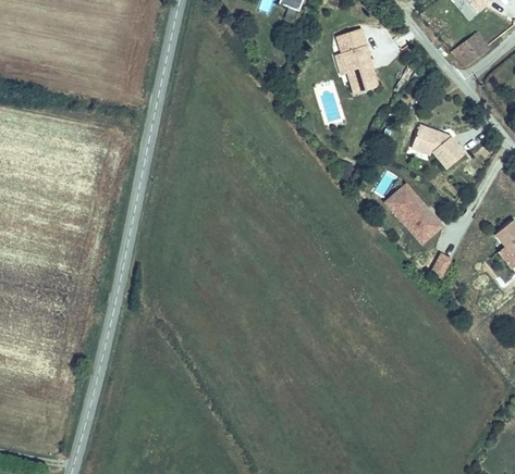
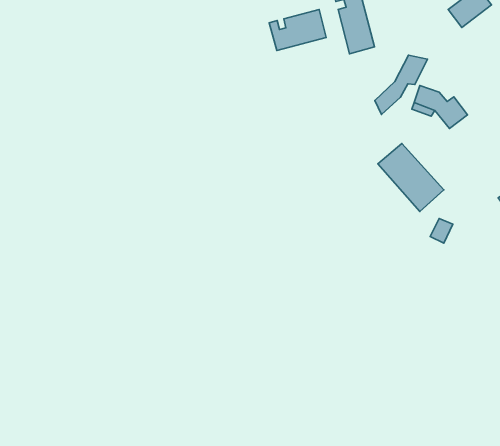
building: none -> [269,10,326,50]
building: none -> [375,55,427,115]

